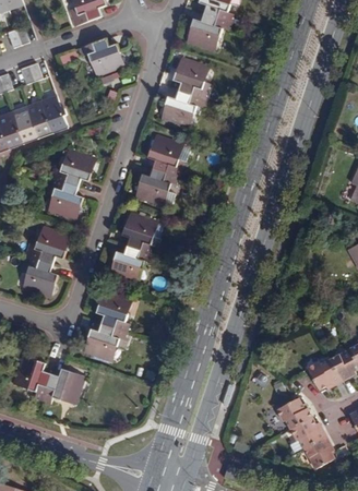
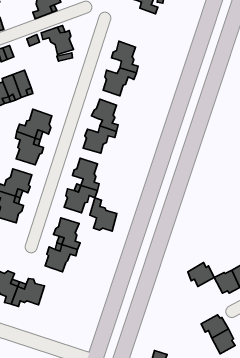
building: [187,14,229,50] -> none
building: none -> [90,198,117,231]
building: [276,398,311,430] -> [188,263,214,287]

